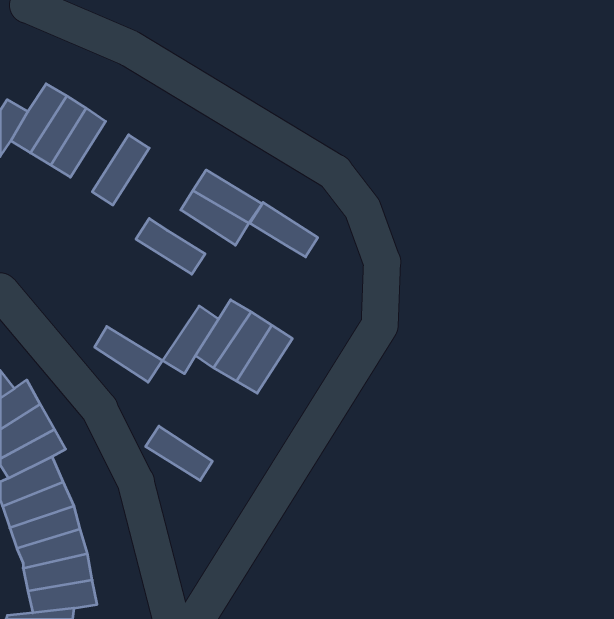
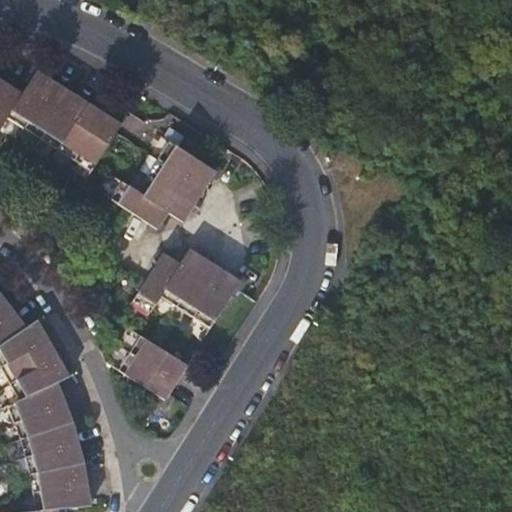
building: none -> [63,100,111,158]
building: [250,202,318,257] -> [143,173,199,218]
building: [95,326,163,382] -> [136,334,192,380]

